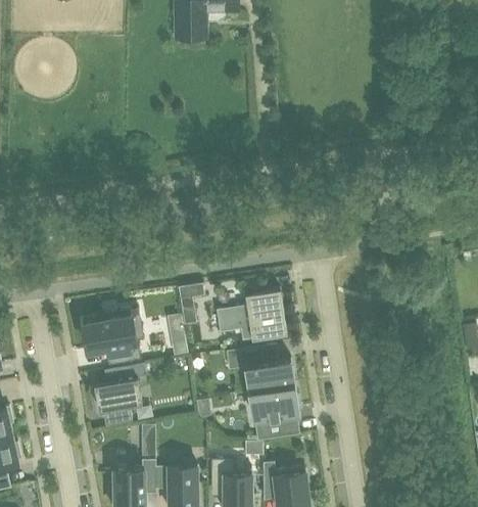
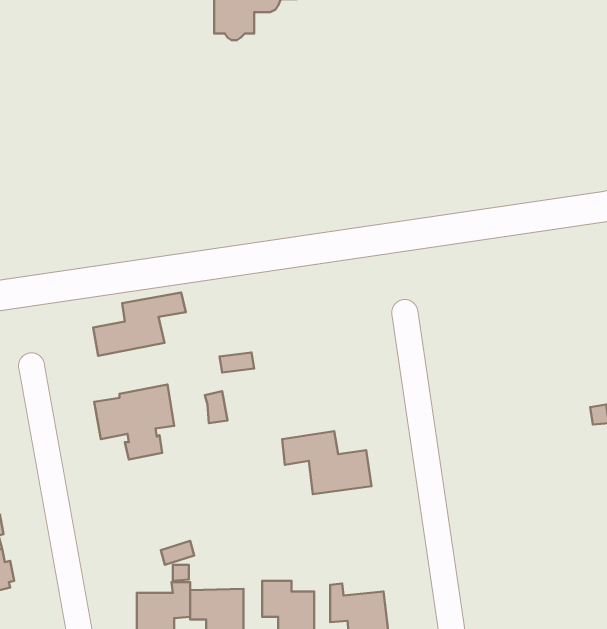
building: none -> [93,293,186,356]
building: [216,289,286,340] -> none
building: [93,364,146,423] -> none
building: [249,386,298,441] -> none

